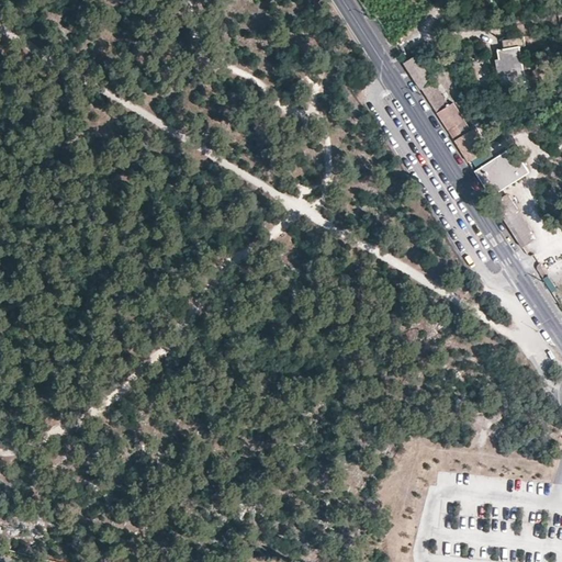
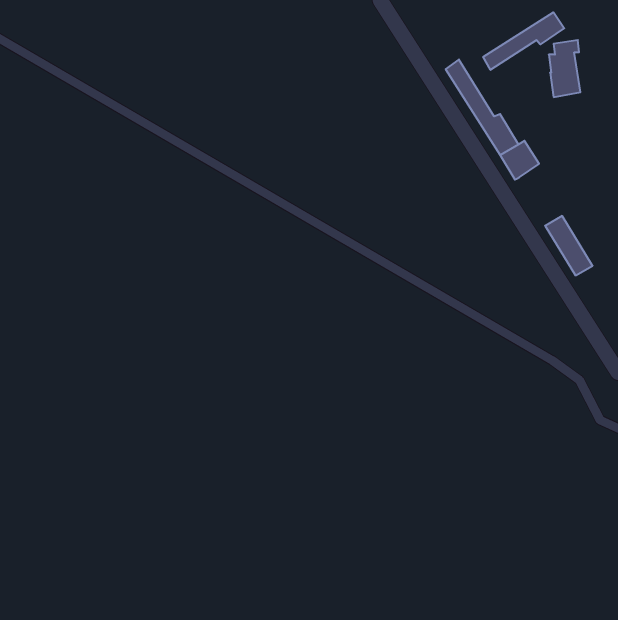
building: none -> [483,12,564,70]
building: [473,147,527,196] -> none

